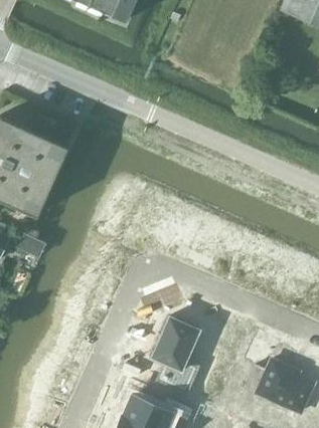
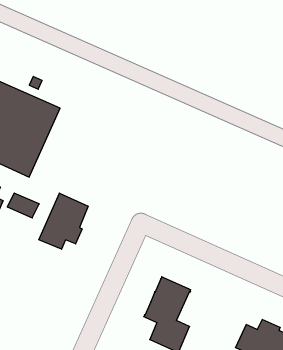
building: none -> [39,193,88,249]

